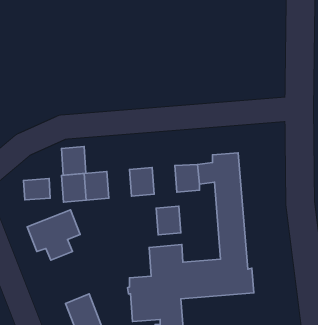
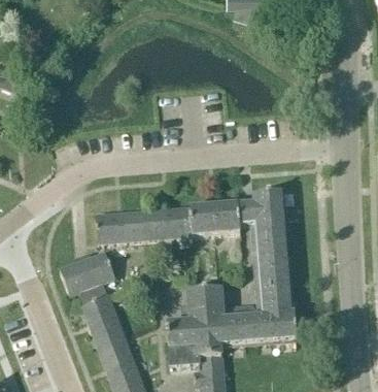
building: [61,147,86,175] -> [143,207,169,237]
building: [24,178,50,200] -> none
building: [156,206,181,235] -> [191,203,216,233]
building: none -> [83,293,125,348]

